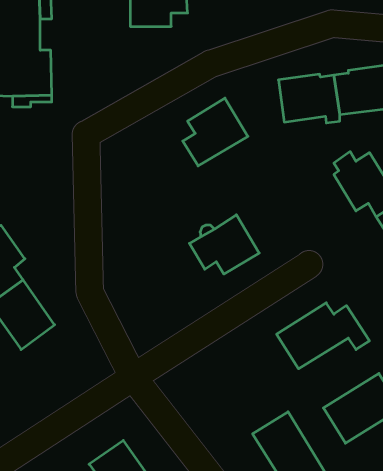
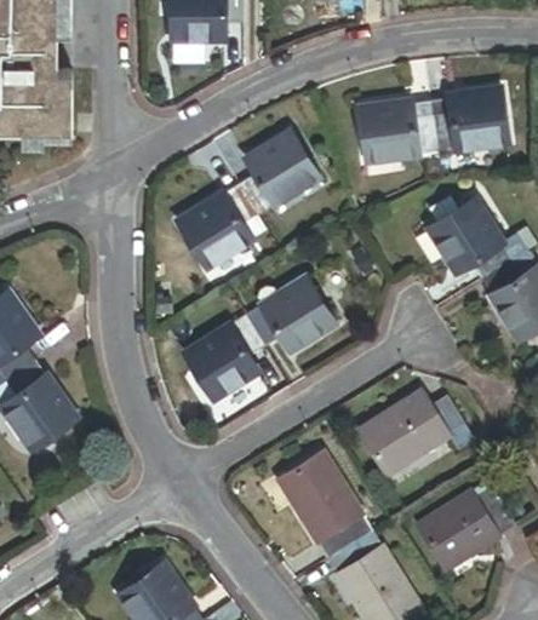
building: none -> [178,185,257,269]
building: none -> [185,315,265,400]
building: none -> [277,450,371,556]

